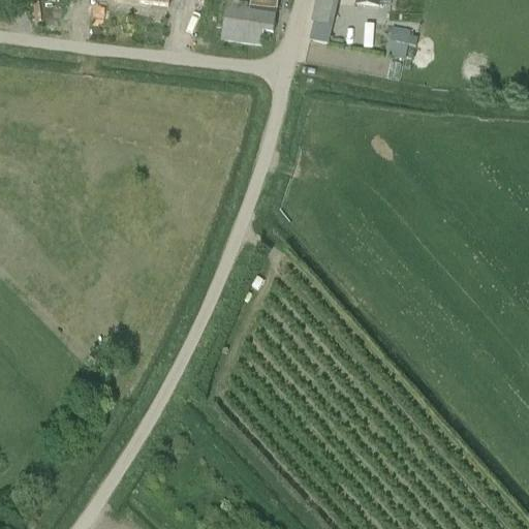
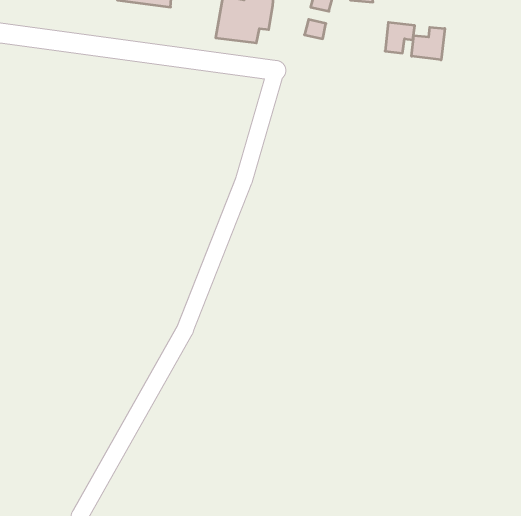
building: none -> [412,27,445,60]

